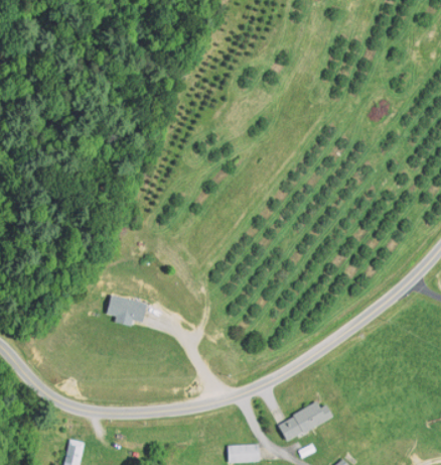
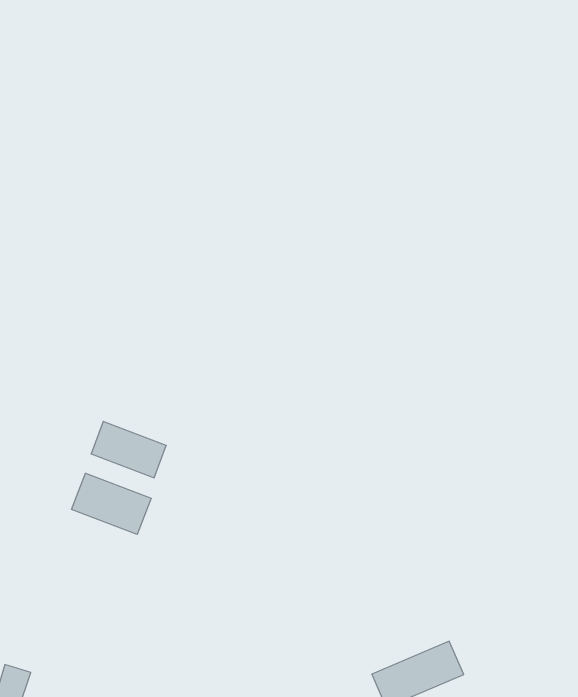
building: none -> [71,473,151,534]

